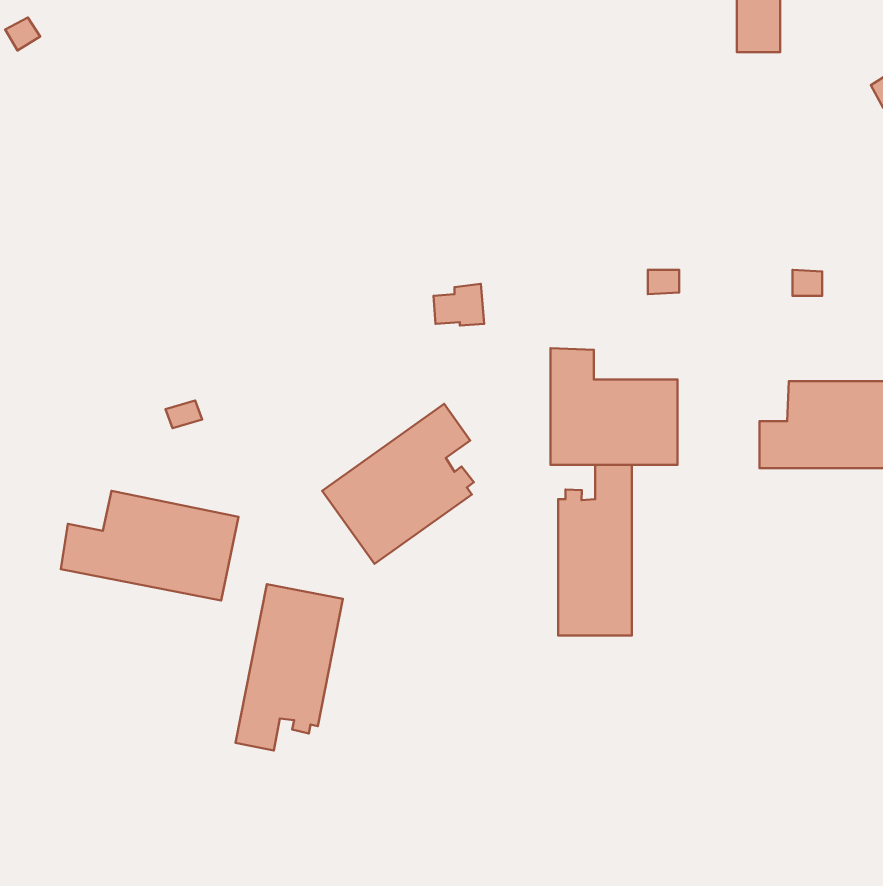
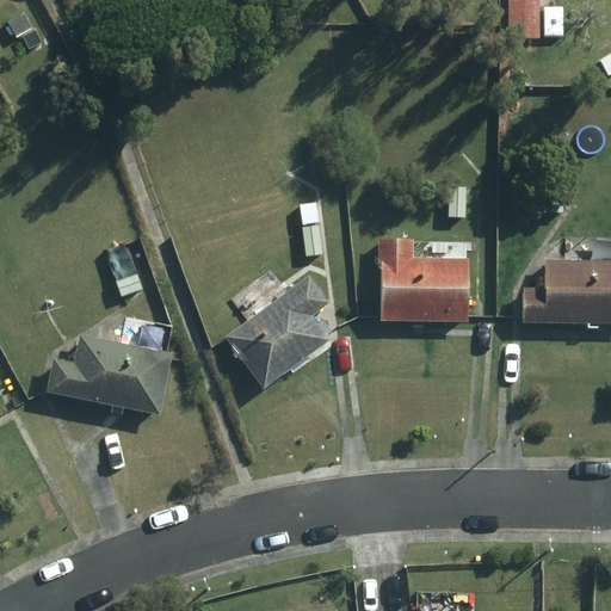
building: [558,465,632,635] -> none
building: [236,584,343,750] -> none

